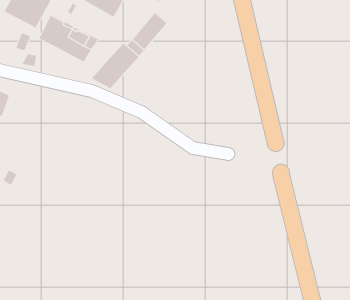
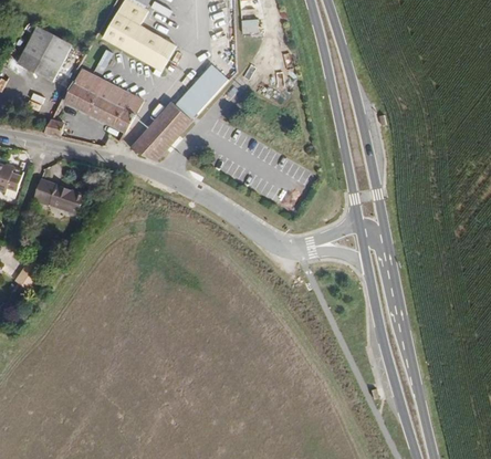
building: none -> [29,178,80,217]

